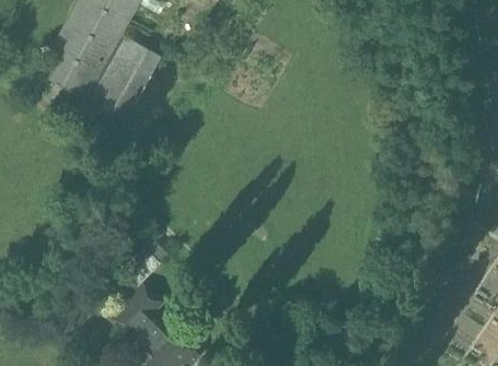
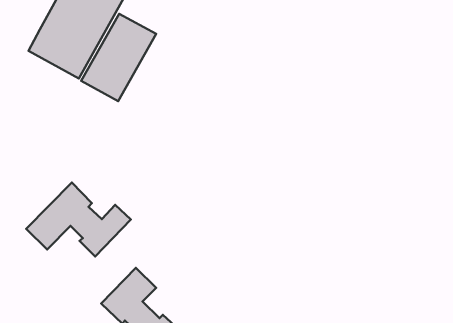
building: none -> [26,182,131,256]

